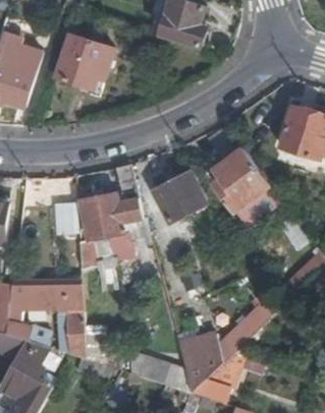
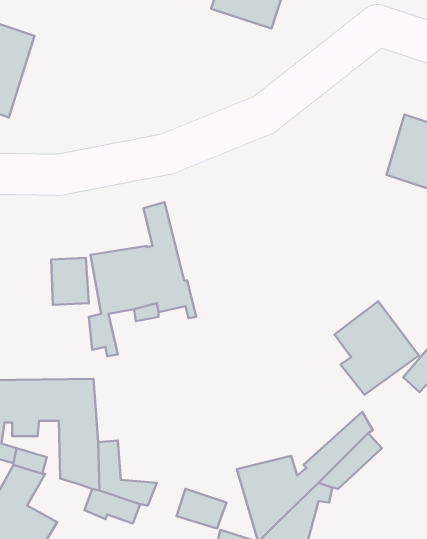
building: [53,34,112,90] -> none
building: [214,146,271,210] -> [334,301,419,395]
building: [153,173,205,222] -> none

